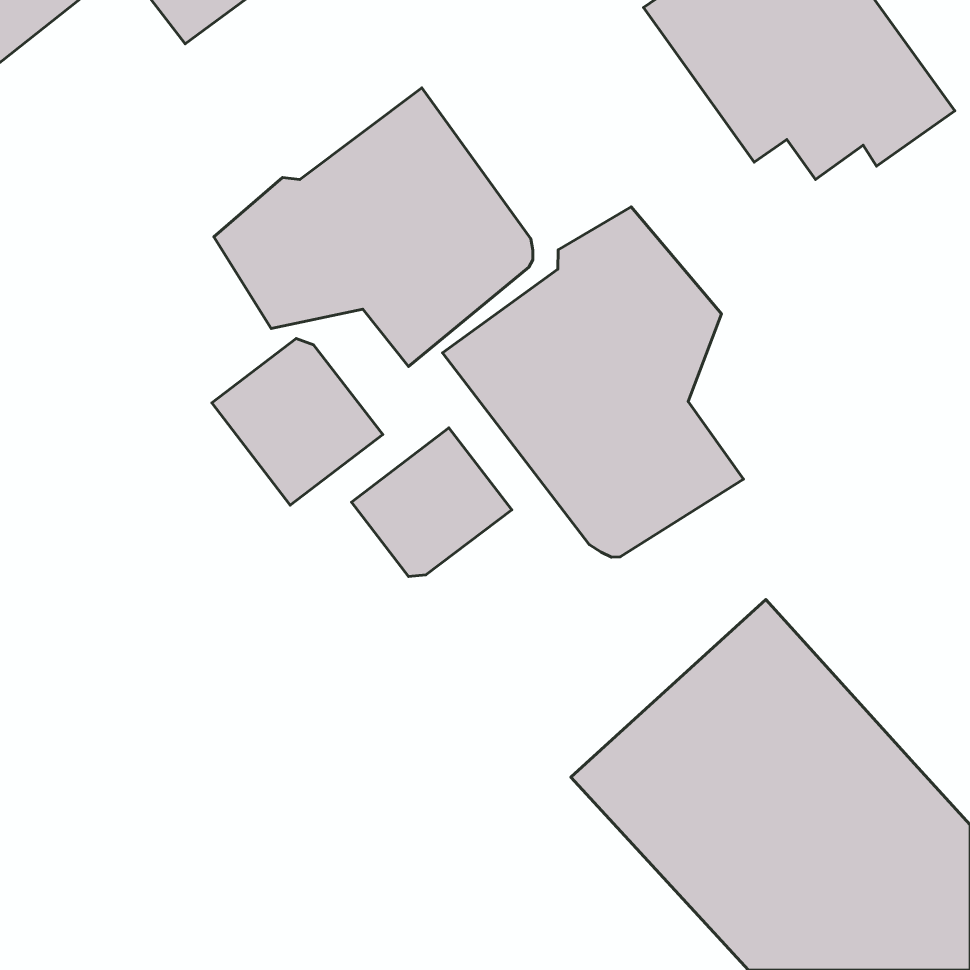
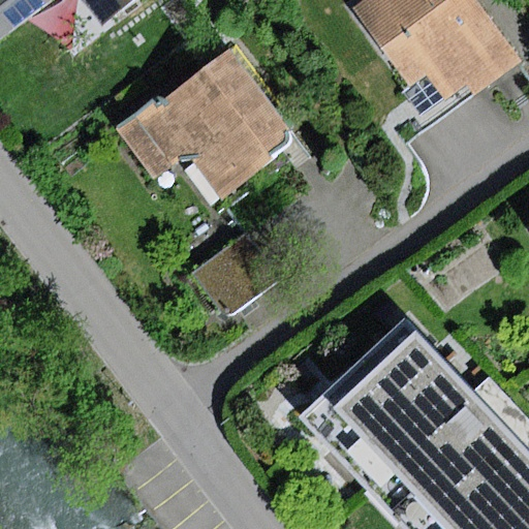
building: [443,207,743,557] -> none
building: [212,339,383,505] -> none

